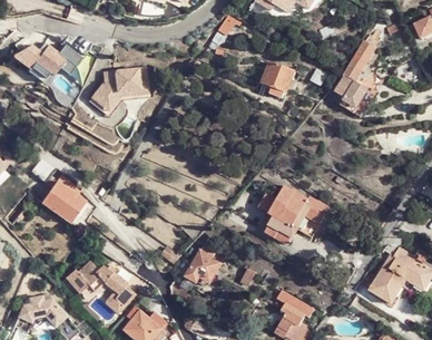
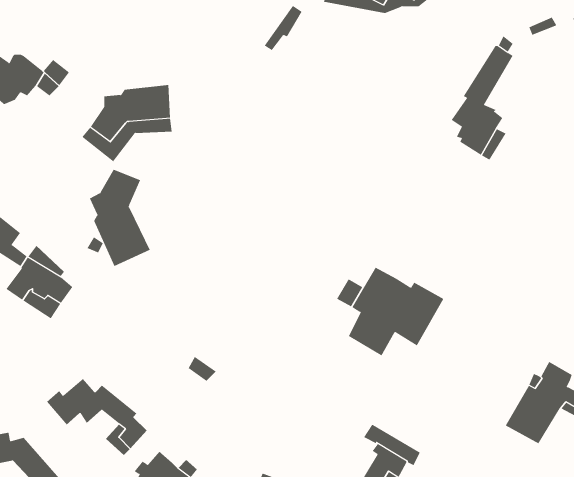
building: [263,64,292,91] -> none
building: none -> [89,169,151,267]
building: [185,245,222,284] -> none

